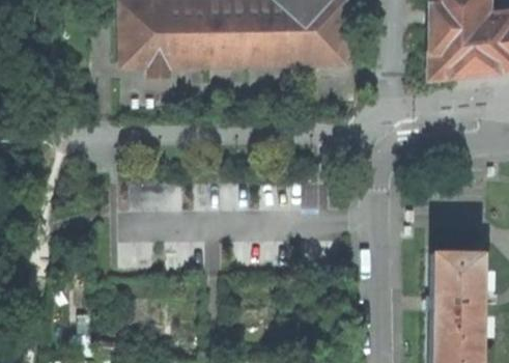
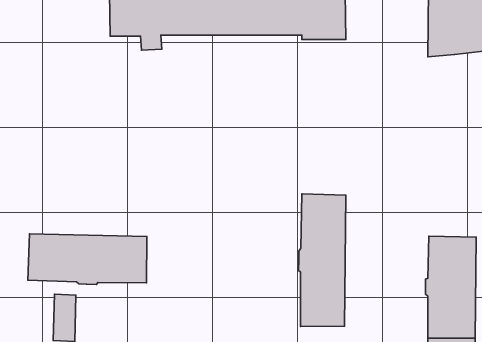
building: none -> [298,194,346,326]
building: none -> [28,234,147,285]

